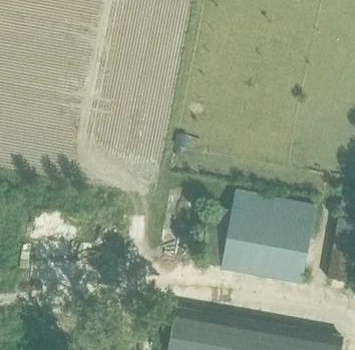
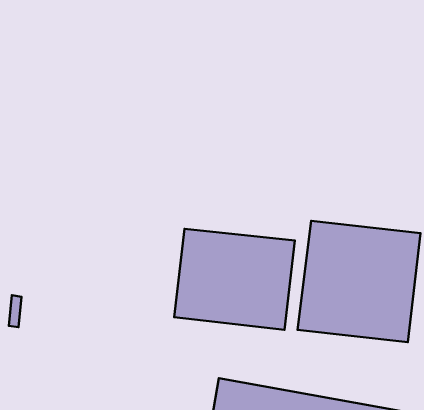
building: none -> [174,229,295,330]

